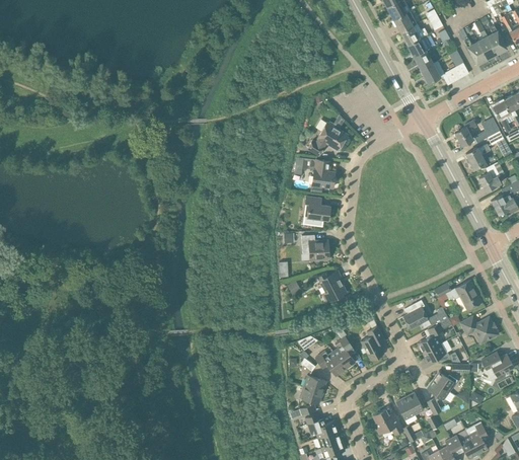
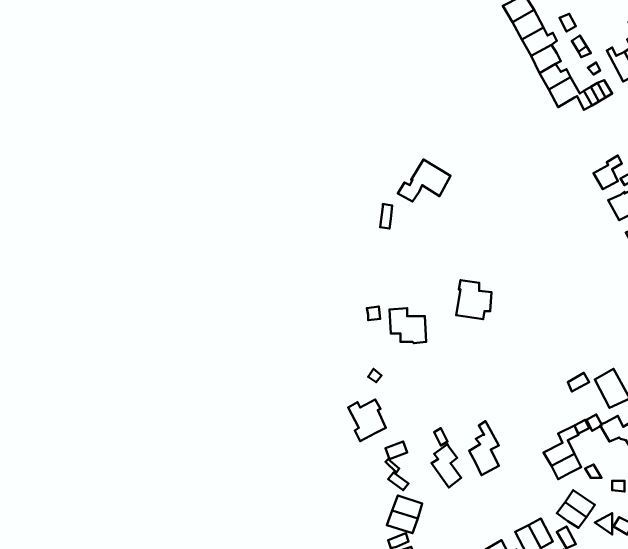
building: [312,159,336,187] -> none
building: [304,197,330,226] -> [456,280,491,319]
building: [318,271,347,302] -> [348,399,386,441]
building: [403,300,432,329] -> none
building: [316,351,347,375] -> none

